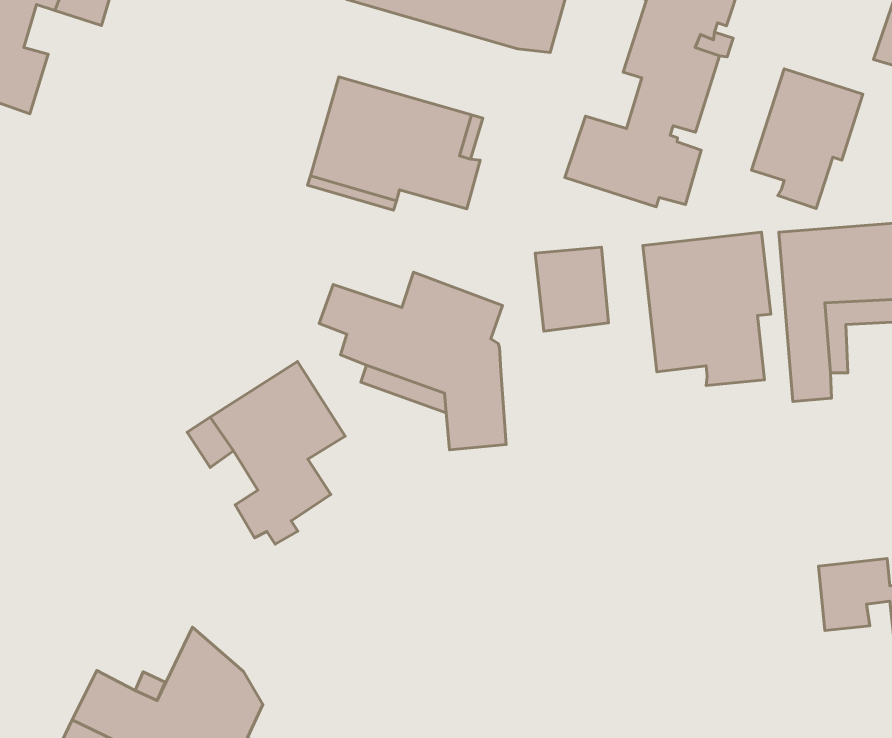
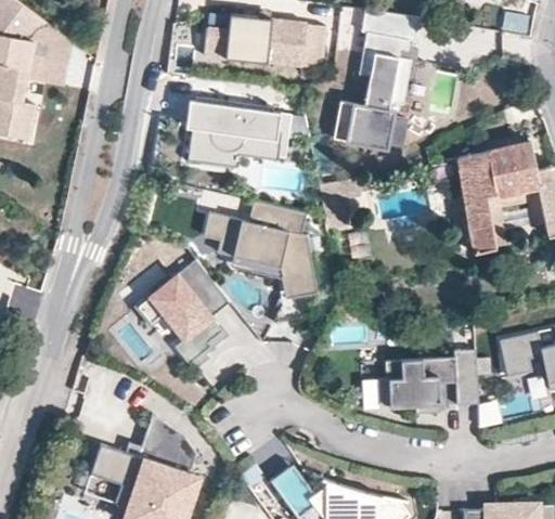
building: [751,69,863,209] -> none
building: [643,232,771,385] -> none
building: none -> [377,351,478,419]

